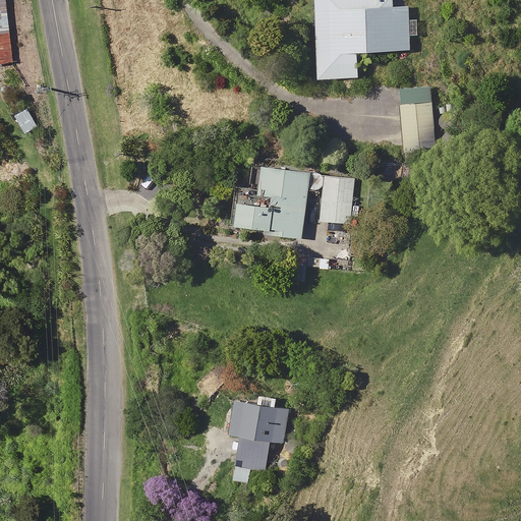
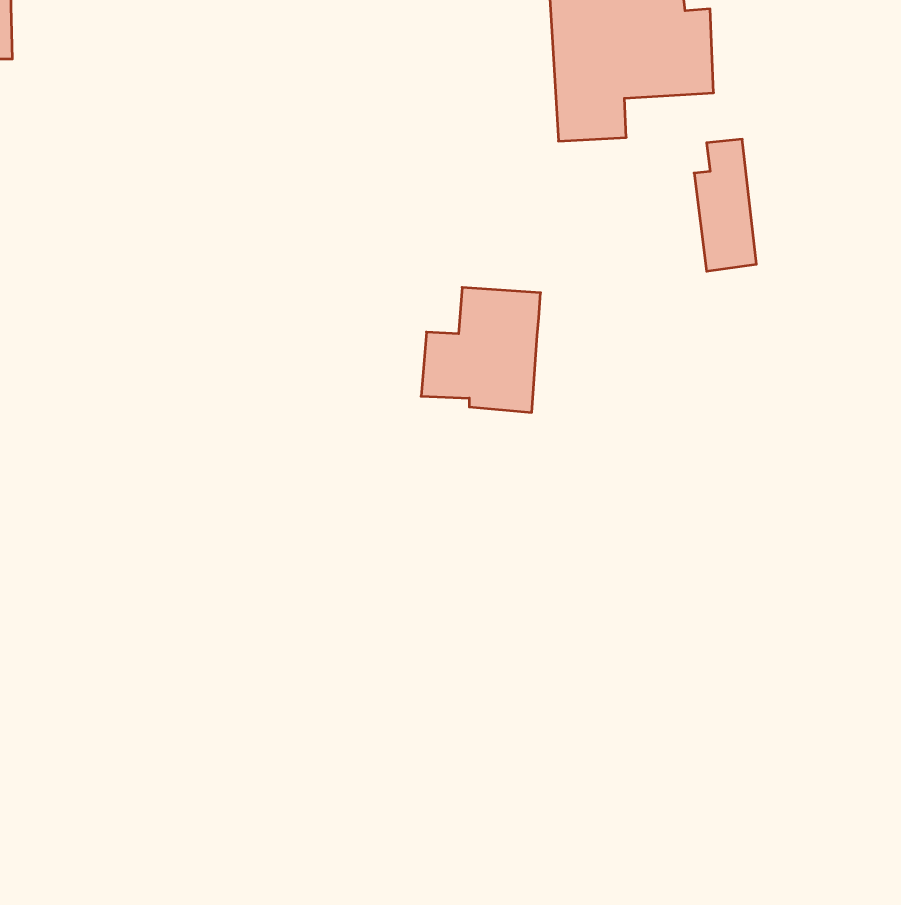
building: [321,176,358,223] -> none
building: [228,397,287,483] -> none

